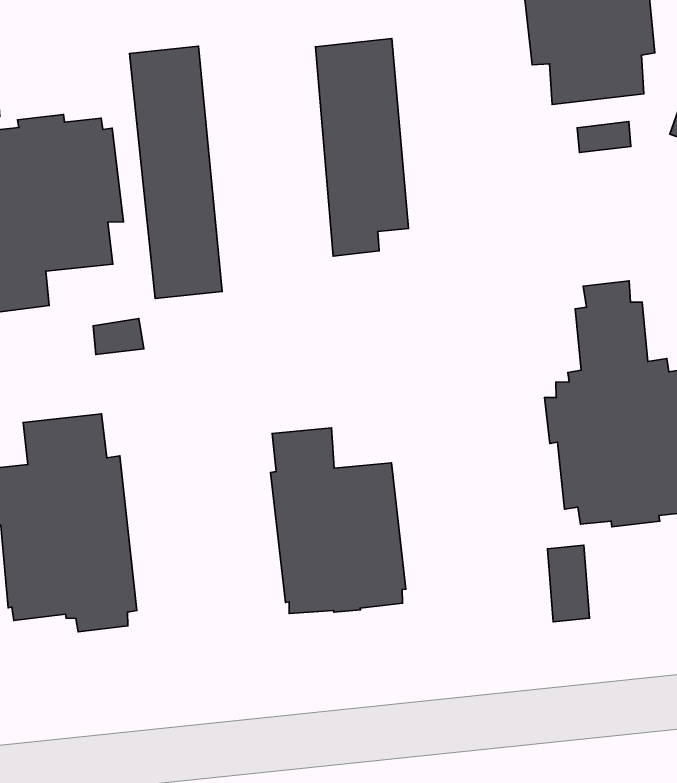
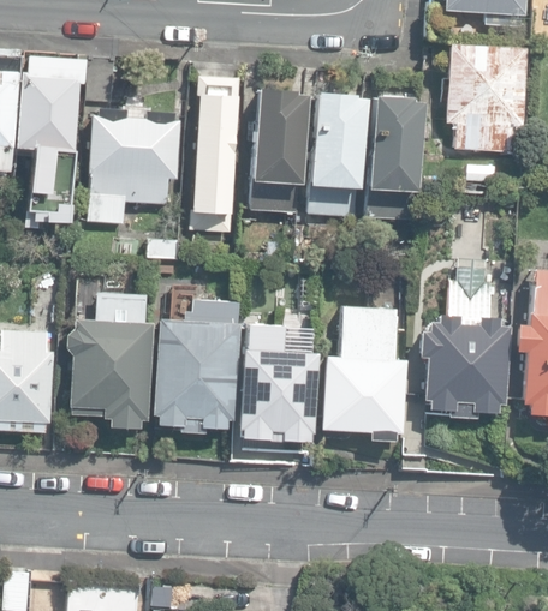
building: none -> [365,95,422,220]
building: none -> [249,85,305,210]
building: none -> [321,306,407,442]
building: none -> [154,300,240,433]

